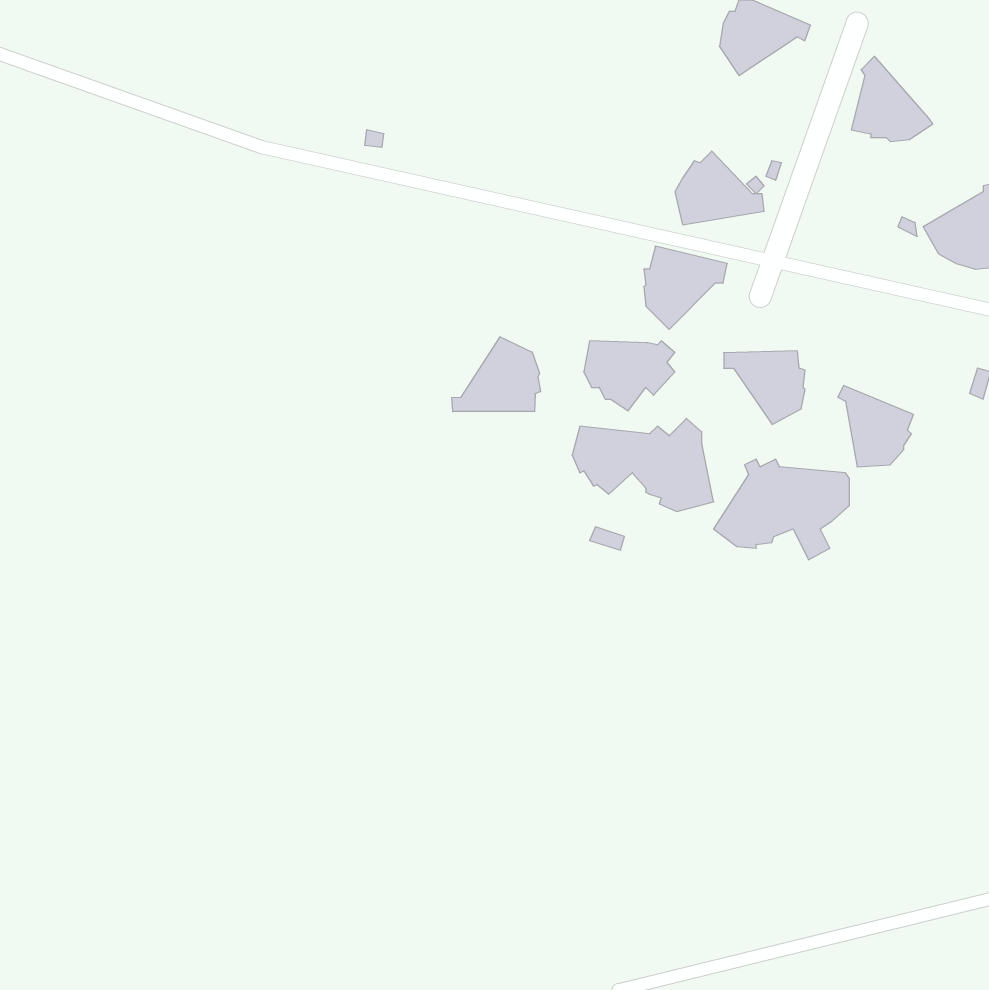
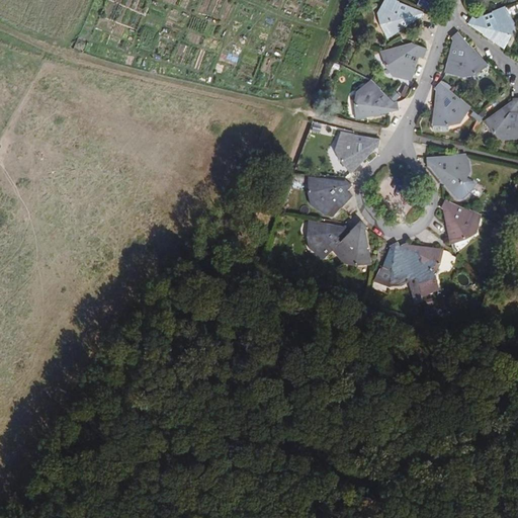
building: none -> [465,8,513,51]
building: none -> [380,41,428,79]
building: none -> [430,82,466,130]
building: [452,337,541,412] -> none
building: [724,351,805,424] -> [425,158,467,196]

